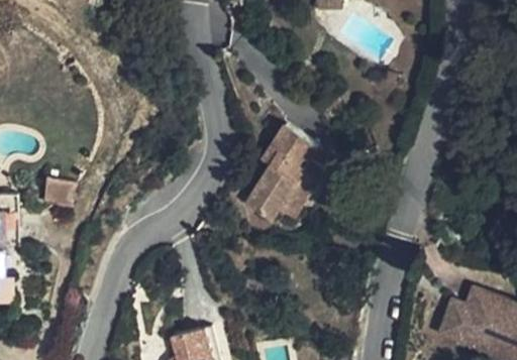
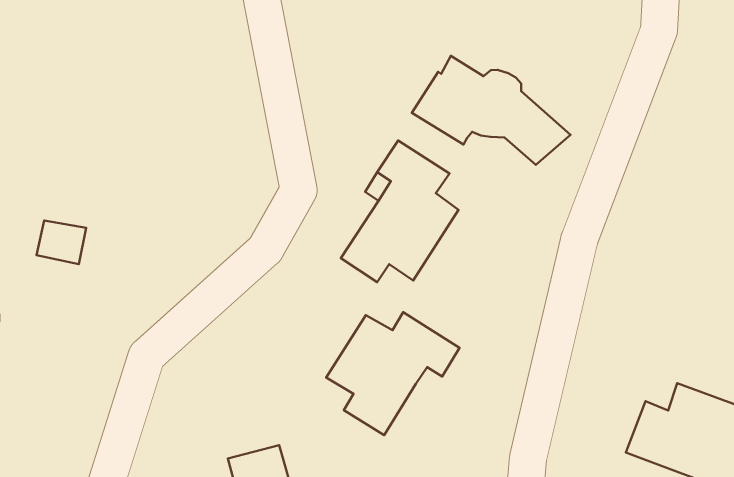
building: none -> [412,56,570,165]
building: none -> [326,312,460,435]

